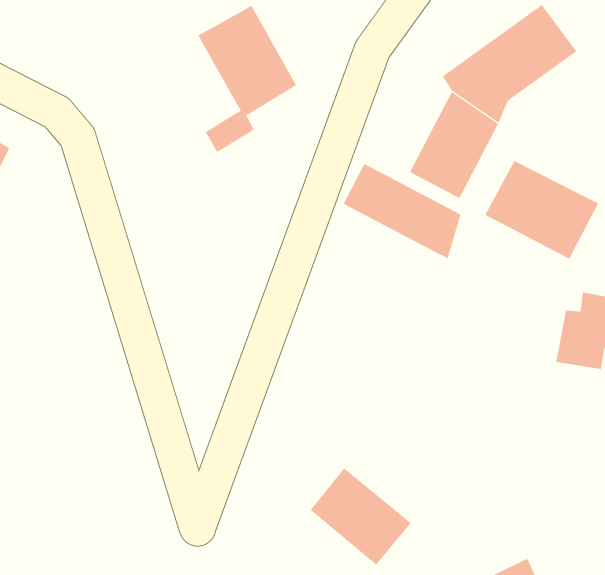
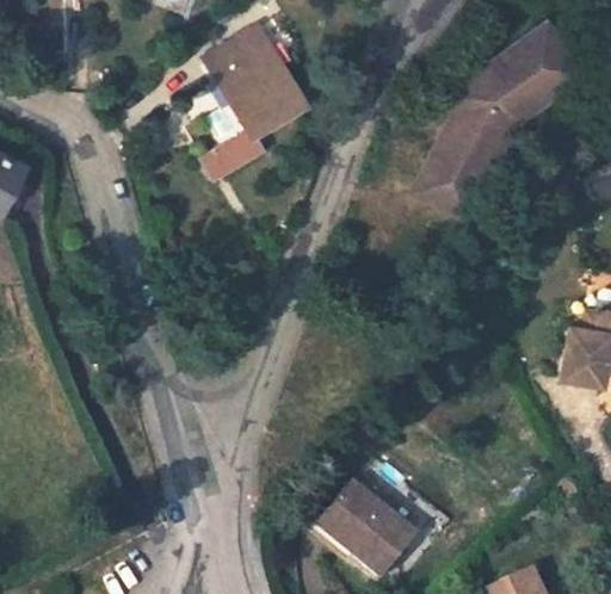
building: [485,160,599,259] -> none
building: [343,163,461,259] -> none

